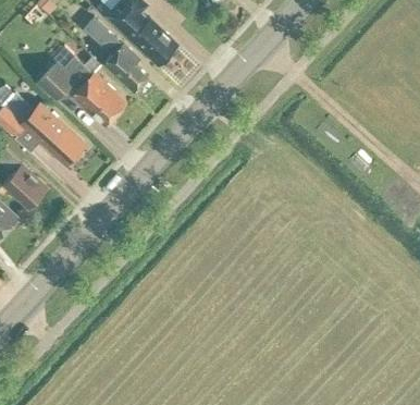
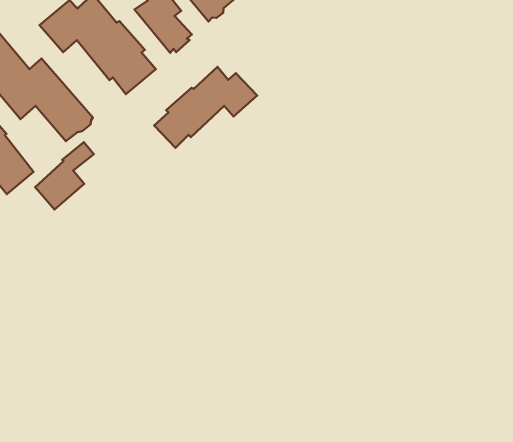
building: none -> [154,67,257,148]
building: none -> [35,142,94,210]

